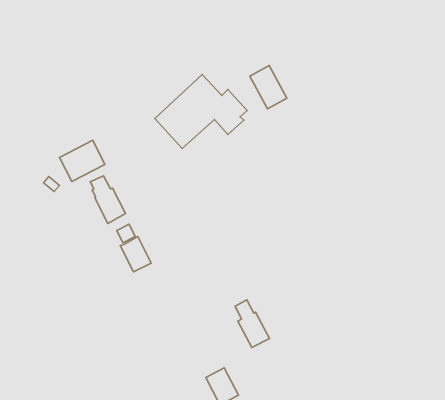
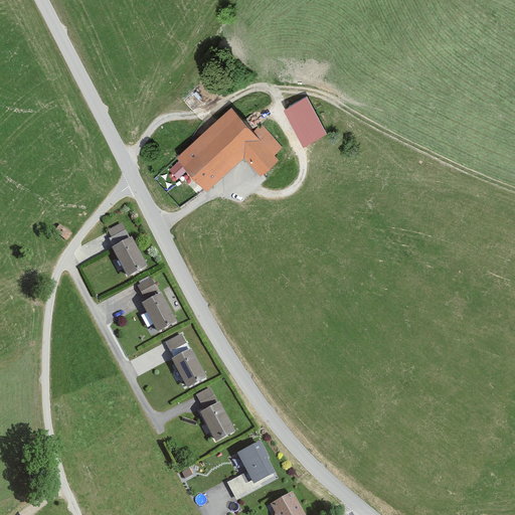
building: [60,140,105,181] -> none
building: none -> [163,333,204,387]
building: [235,300,270,347] -> [194,387,233,442]

